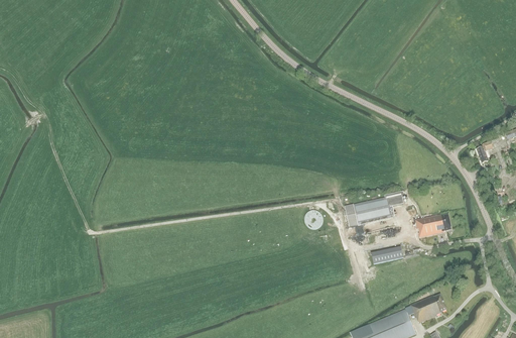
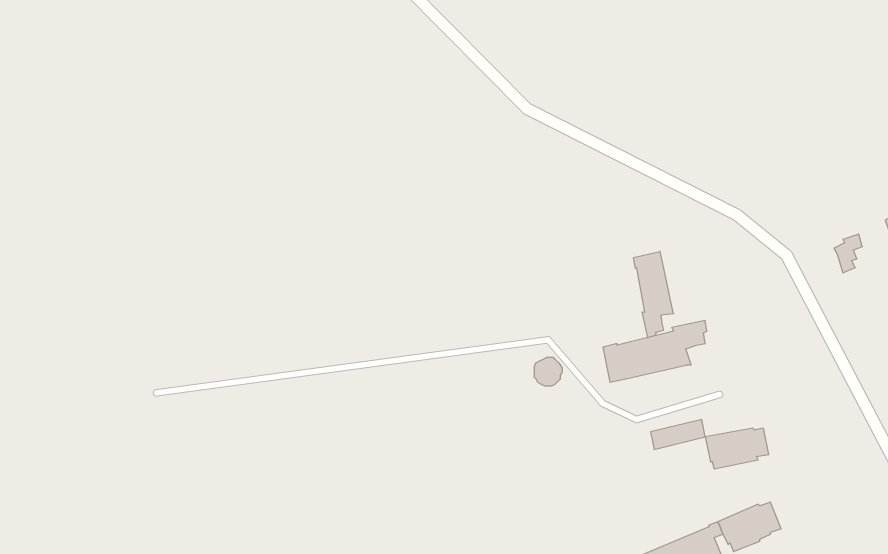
building: none -> [634,251,674,338]
building: [415,213,452,236] -> [705,428,769,469]

